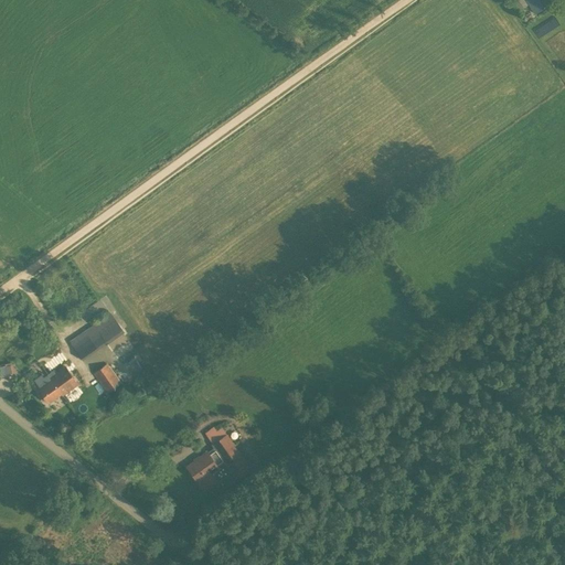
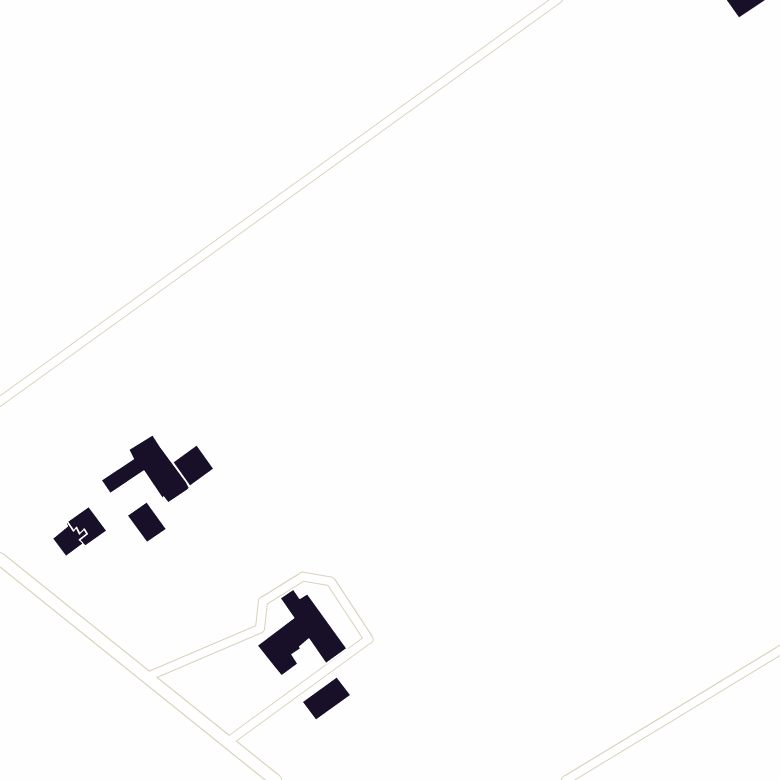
building: none -> [173,444,214,487]
building: none -> [302,677,351,721]

